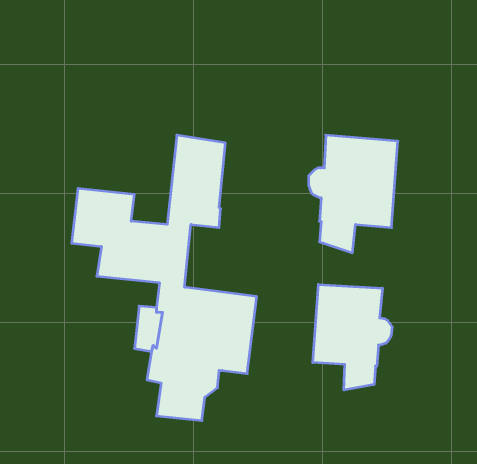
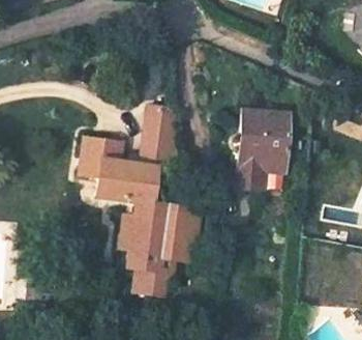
building: [313,284,392,390] -> none

